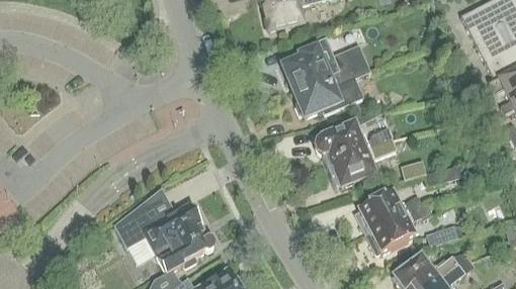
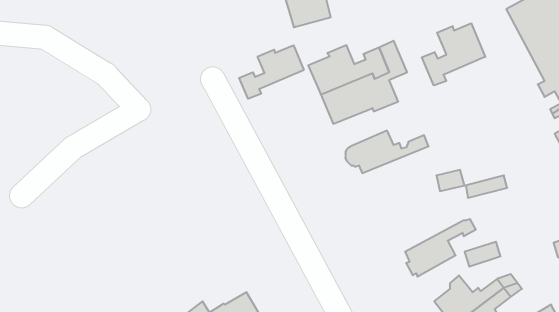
building: none -> [422,23,485,85]
building: none -> [239,45,304,99]
building: [331,137,396,187] -> none
building: [354,193,423,233] -> none
building: [114,201,214,274] -> none

